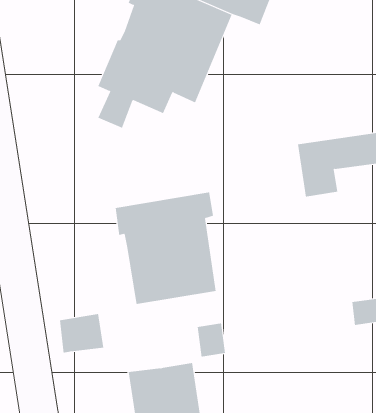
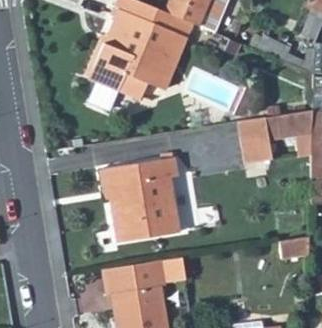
building: [59,313,104,353] -> [103,265,137,295]

